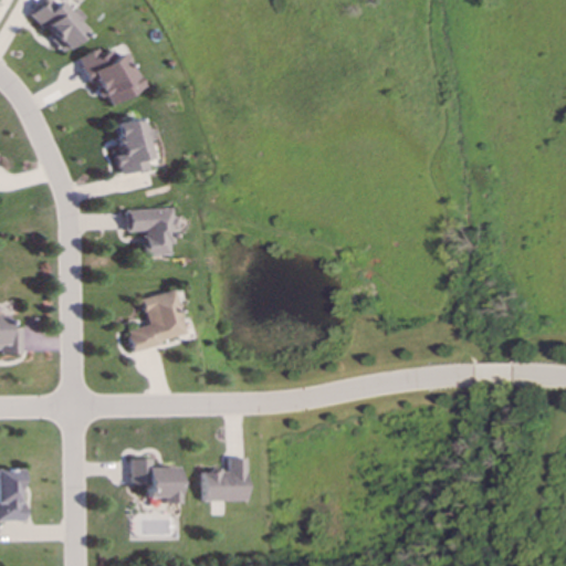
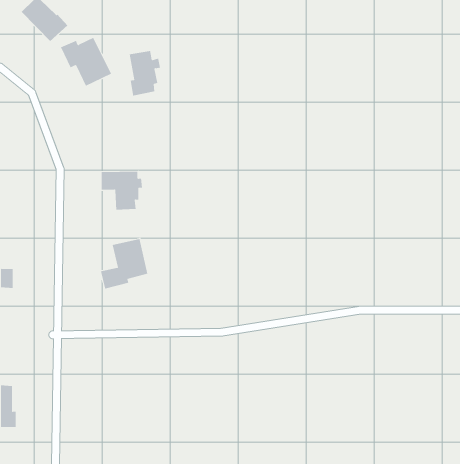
building: [116,118,155,174] -> [129,51,161,96]
building: [130,458,178,503] -> none
building: [202,458,247,501] -> none

